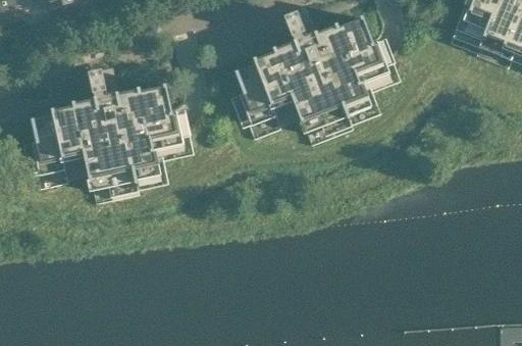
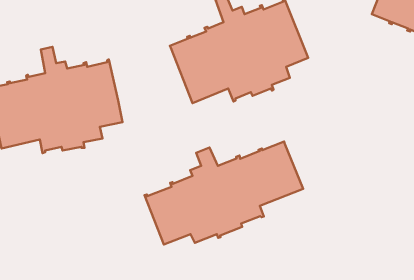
building: none -> [145,141,303,244]

